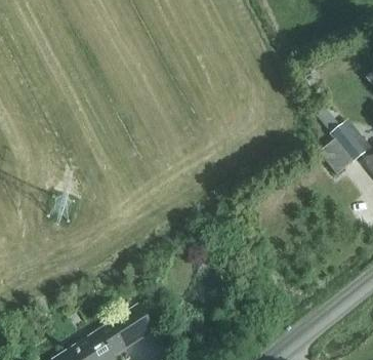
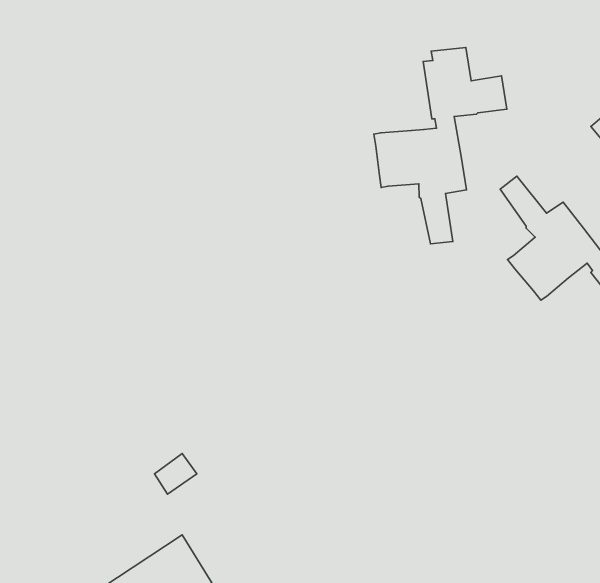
building: none -> [374,47,507,244]

